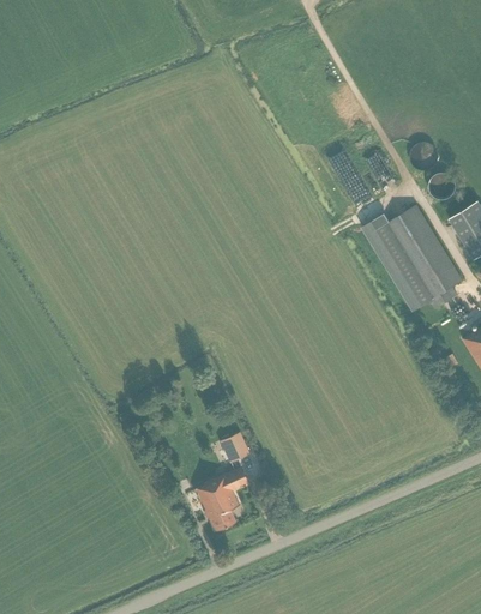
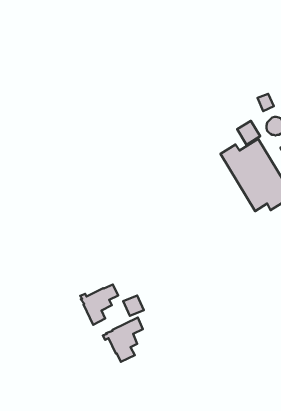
building: none -> [237,121,260,145]
building: none -> [80,284,118,325]

